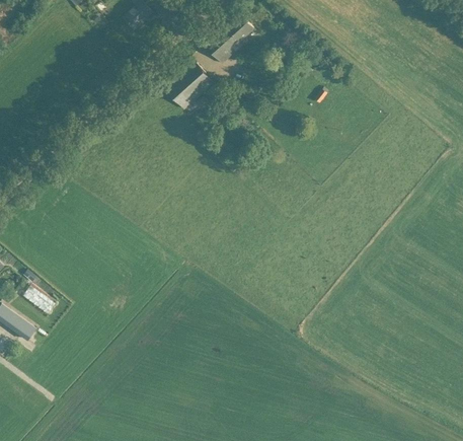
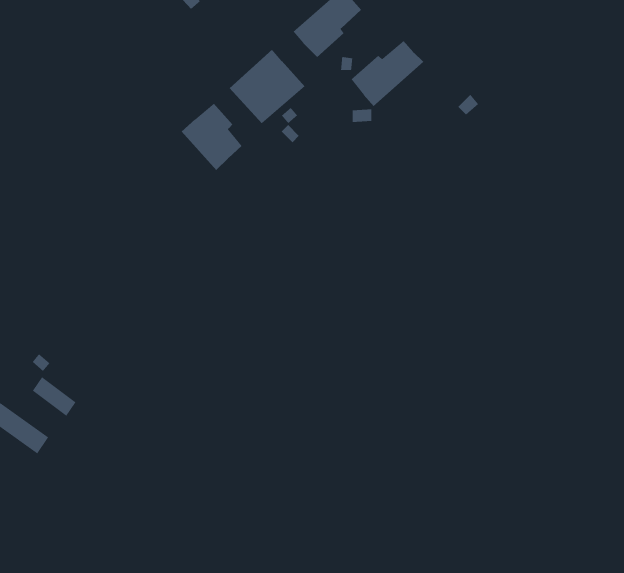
building: none -> [350,40,424,107]
building: none -> [181,103,243,171]

